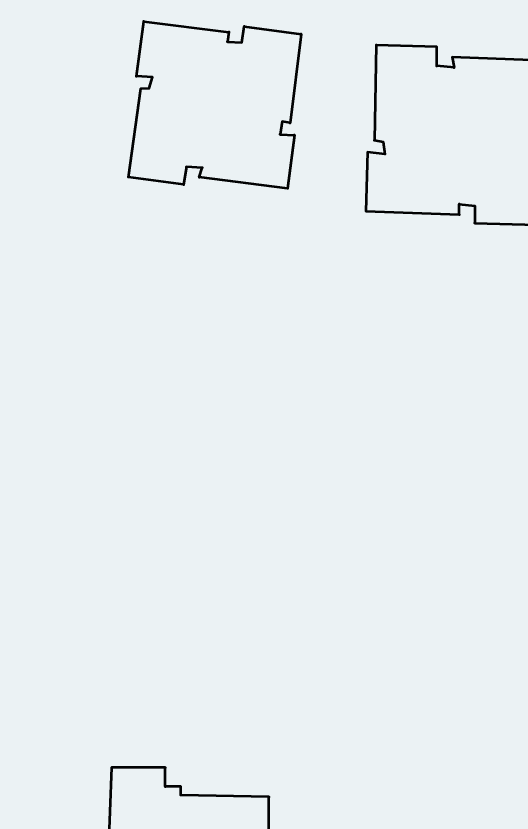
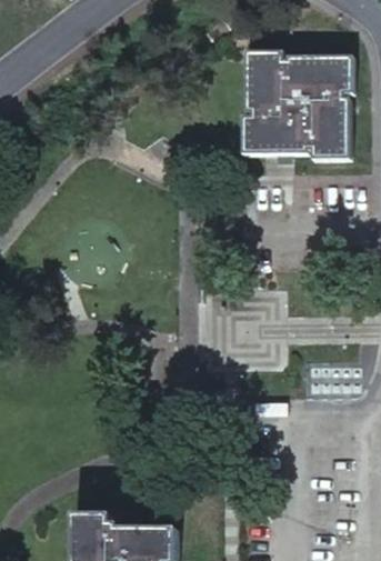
building: [128,21,301,188] -> none

